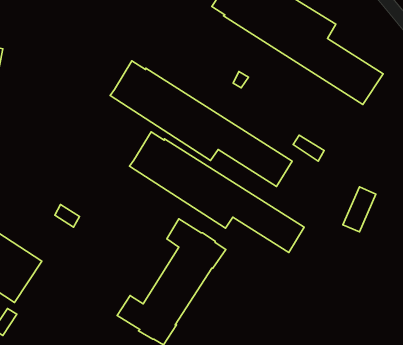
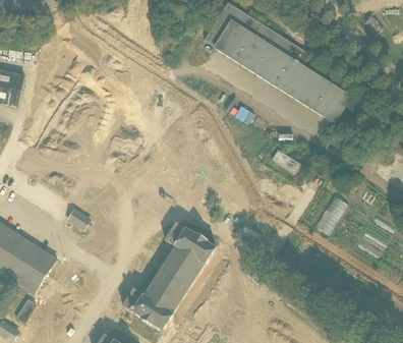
building: [110,61,292,186] -> none
building: [129,132,304,253] -> none

